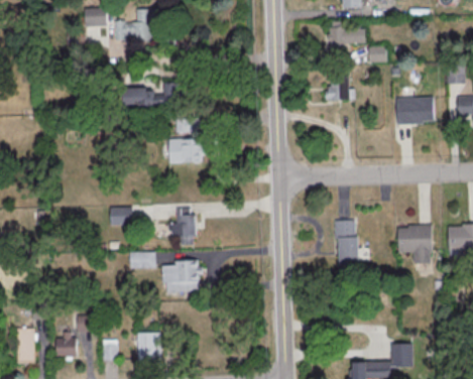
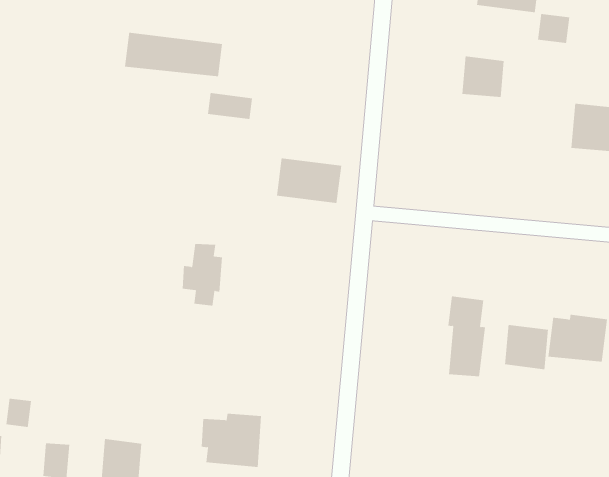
building: [167,138,205,161] -> [276,158,342,203]
building: [110,209,132,226] -> none
building: none -> [504,324,549,370]
building: [129,253,155,269] -> none
building: [161,261,199,293] -> [201,413,262,468]

